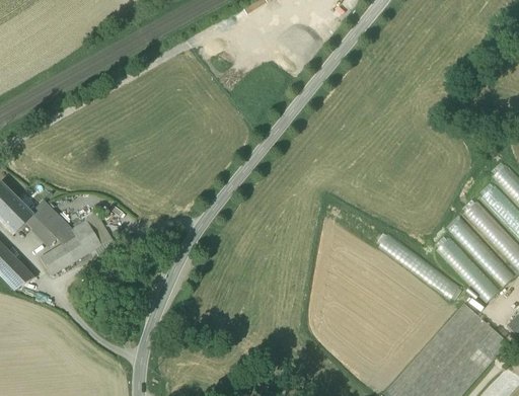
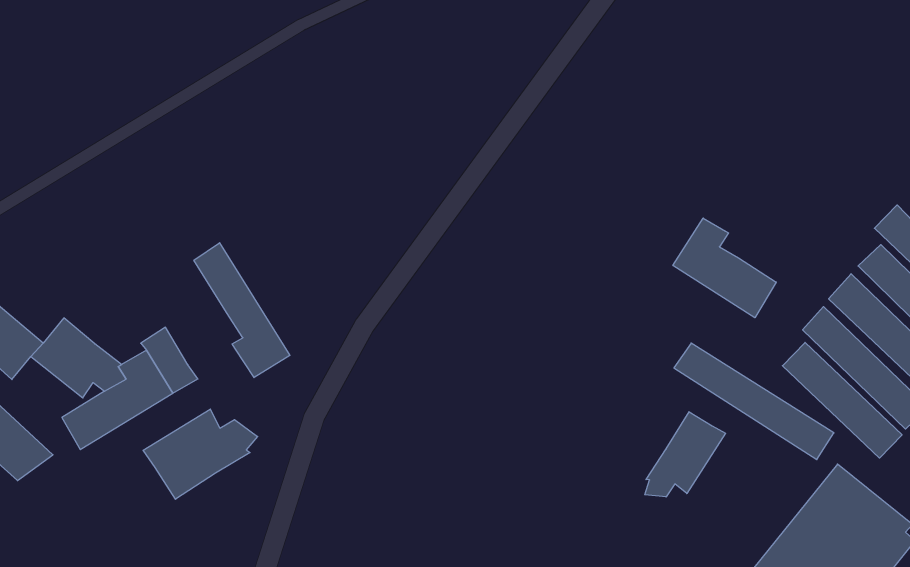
building: none -> [194,243,290,378]
building: none -> [673,218,776,318]
building: none -> [143,409,258,499]
building: none -> [645,412,726,497]

